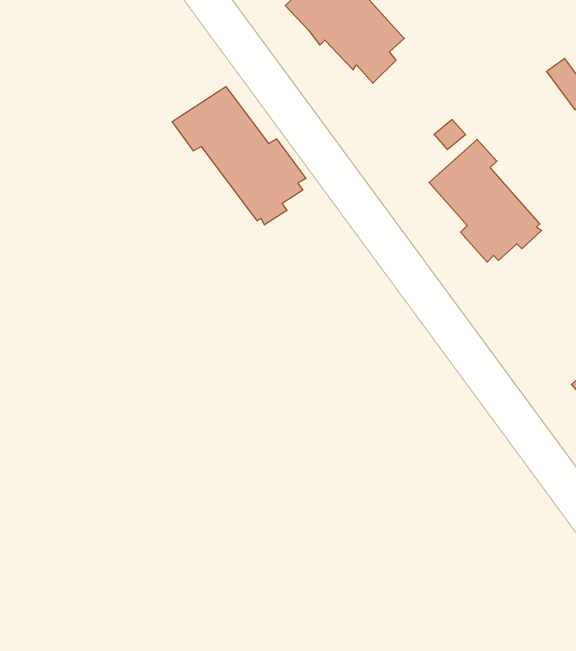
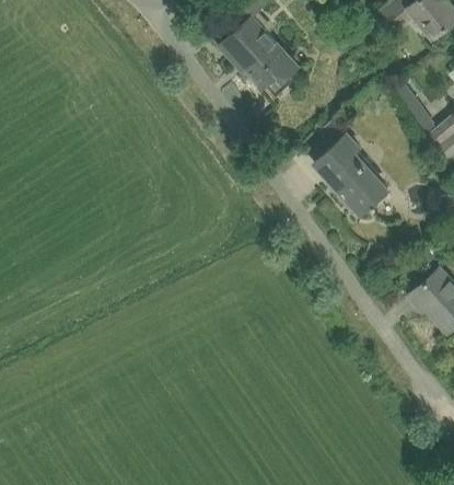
building: [172,87,306,225] -> none

